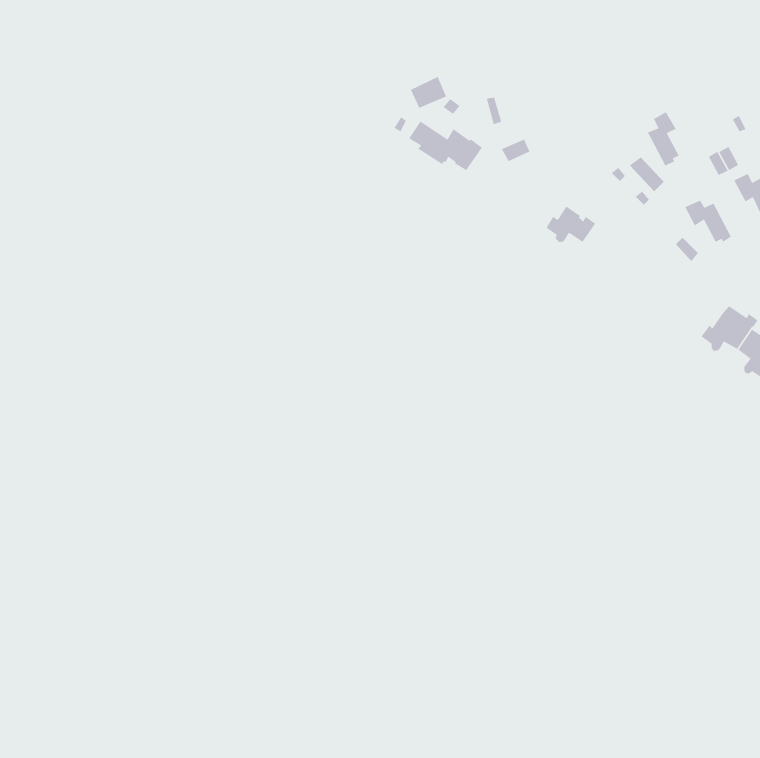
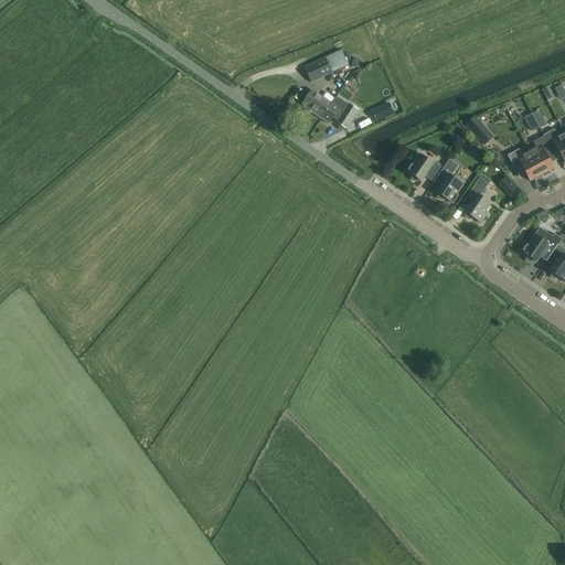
building: [647,111,680,166] -> [530,135,554,175]
building: none -> [434,158,463,202]
building: none -> [462,175,492,222]

